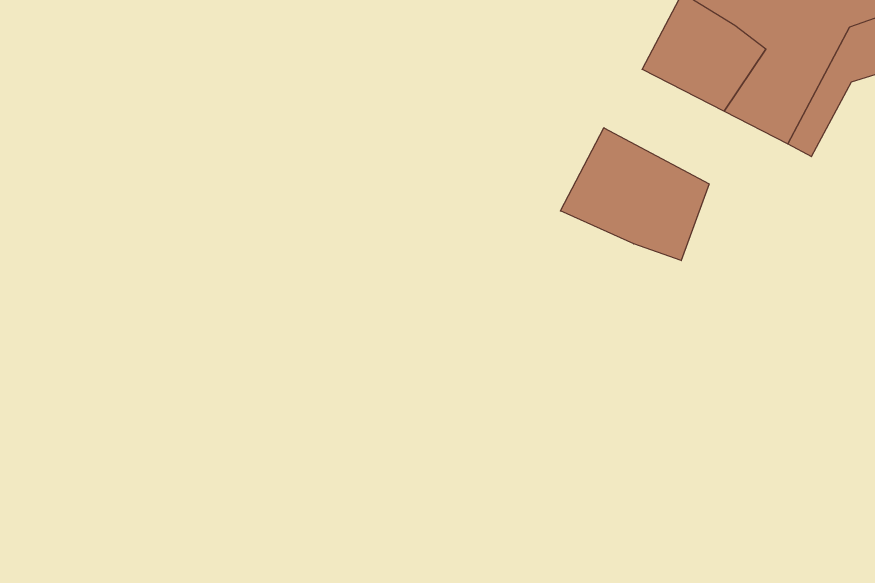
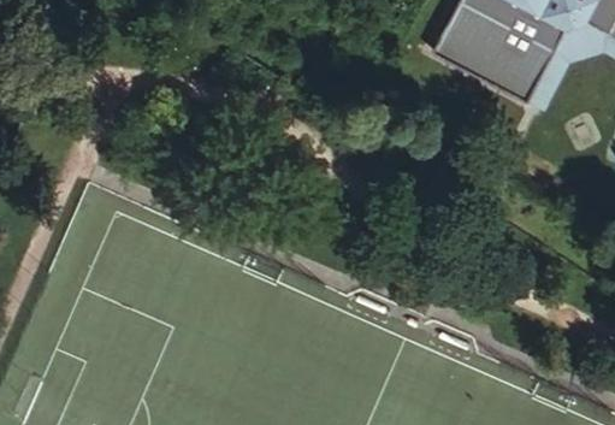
building: [560,128,709,261] -> none

